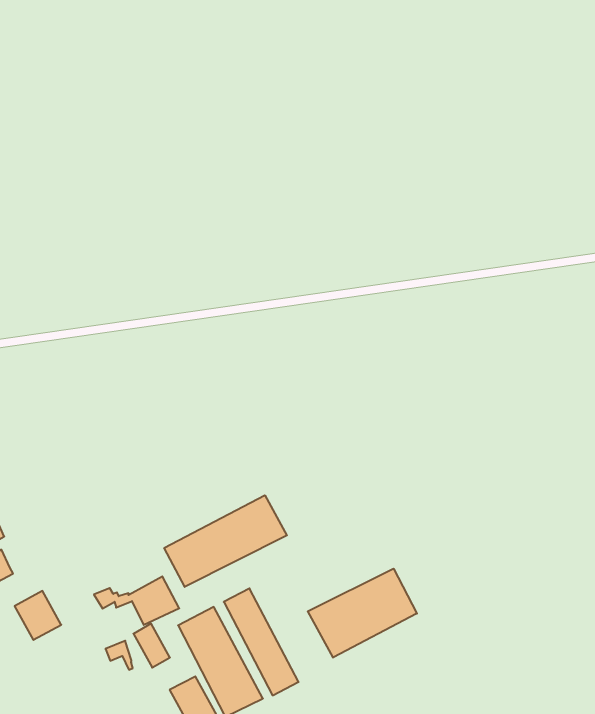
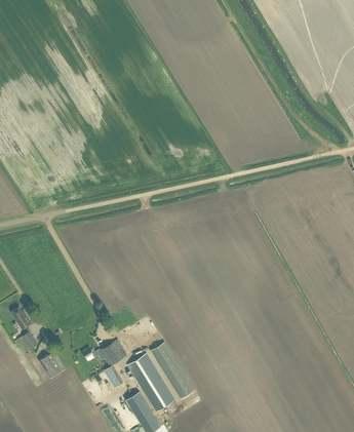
building: [164,495,287,587] -> none
building: [308,569,417,658] -> none

